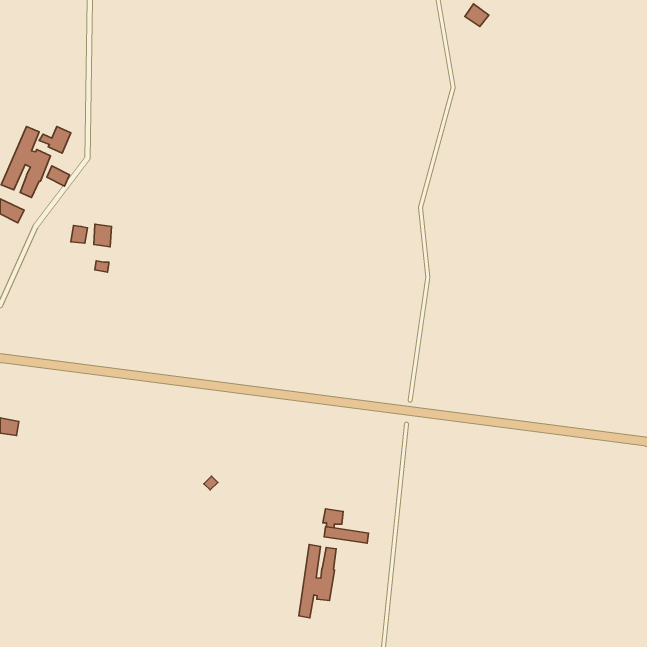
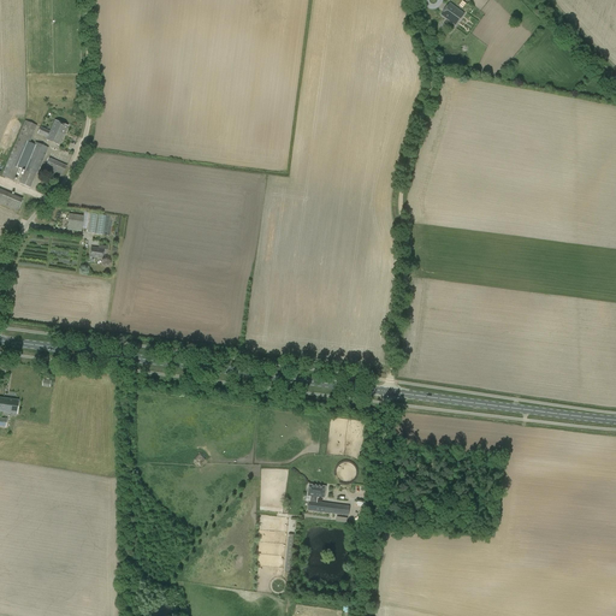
building: [299,544,336,618] -> none

